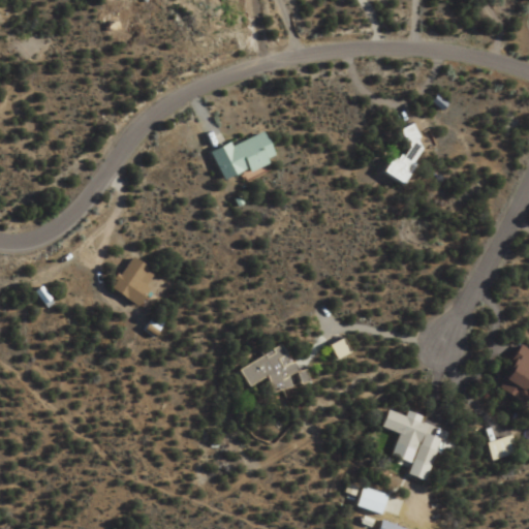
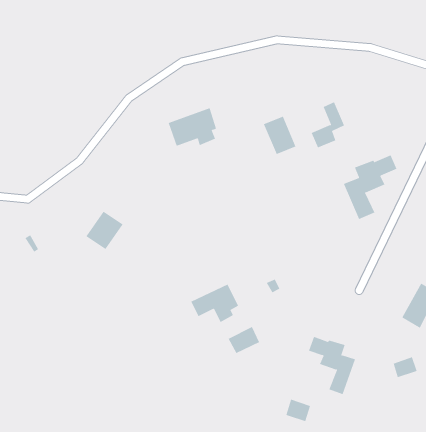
building: none -> [263,116,296,155]
building: none -> [343,155,397,220]
building: none -> [228,326,260,354]

